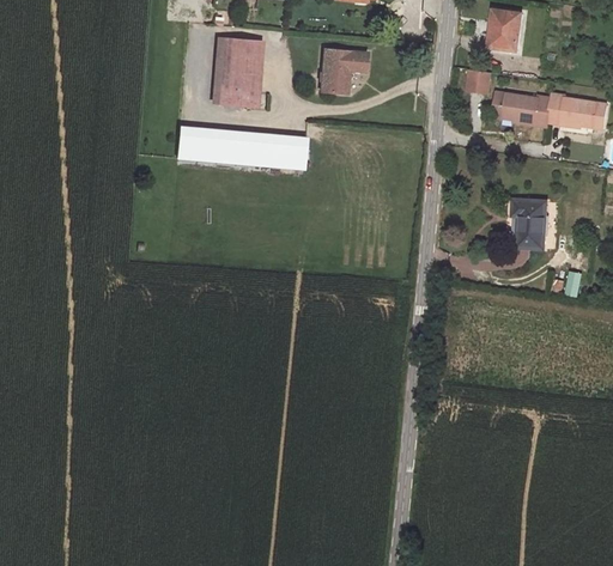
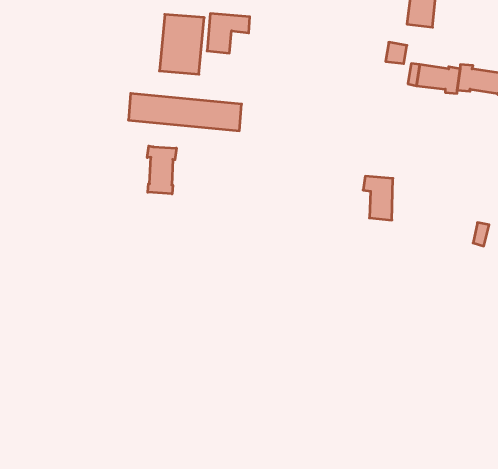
building: [320,48,368,92] -> [207,14,250,53]
building: none -> [147,146,176,194]
building: [509,200,542,249] -> [363,176,393,220]

